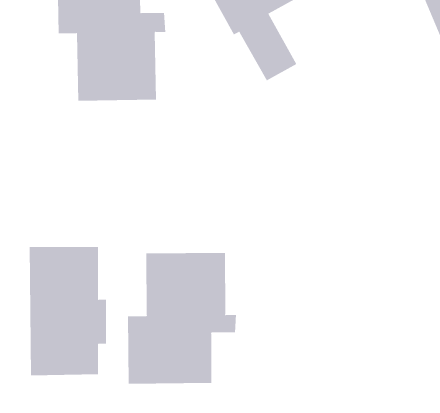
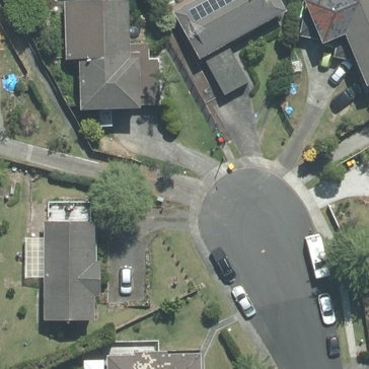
building: [128,252,236,384] -> none

